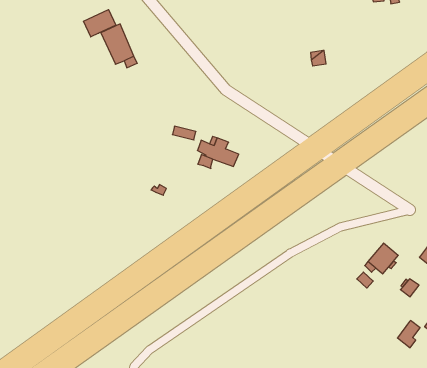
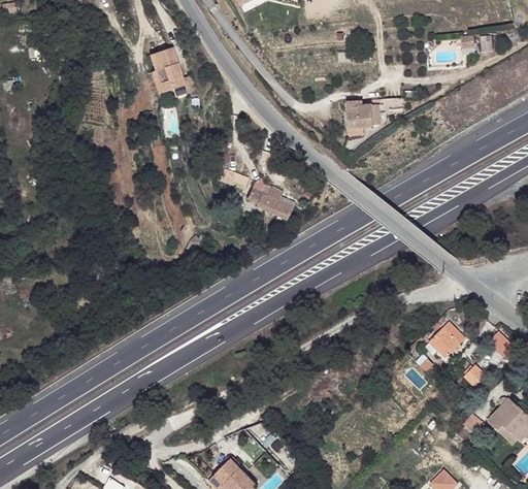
building: [83,10,116,37] -> none
building: none -> [346,101,381,128]

